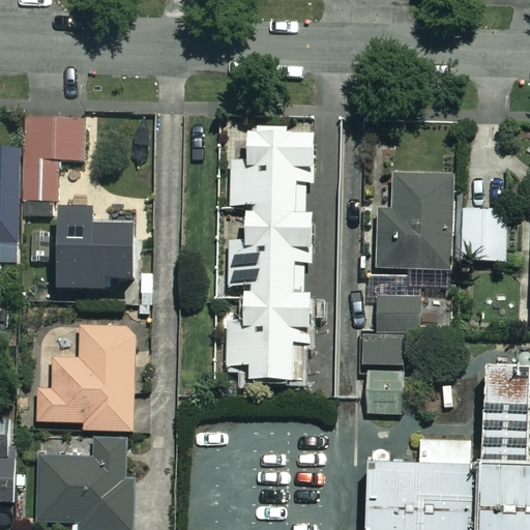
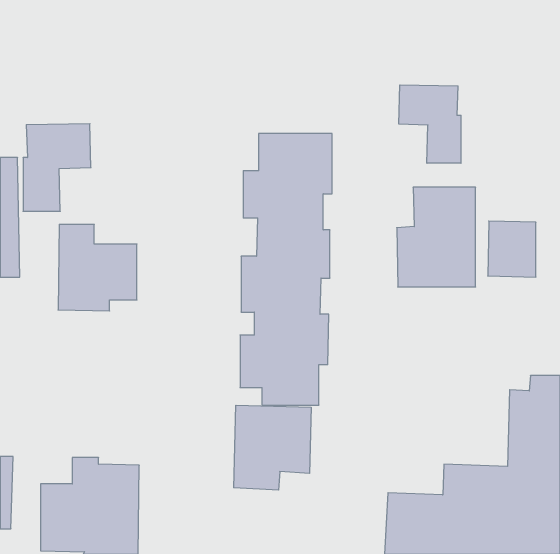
building: none -> [399,85,461,163]
building: [364,296,417,412] -> none
building: [37,327,134,430] -> none
building: none -> [234,405,311,490]

